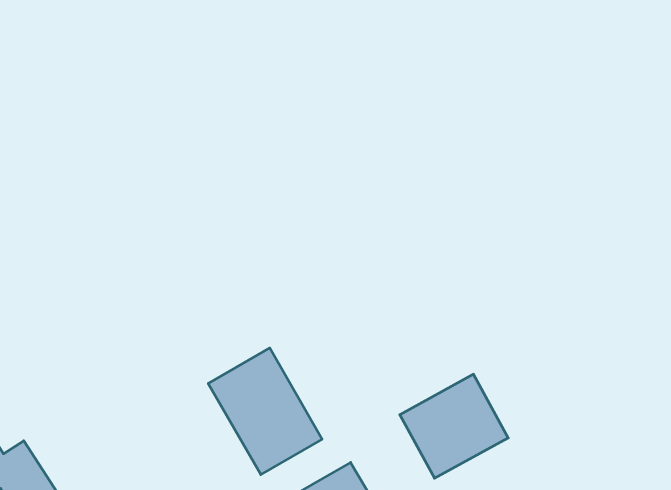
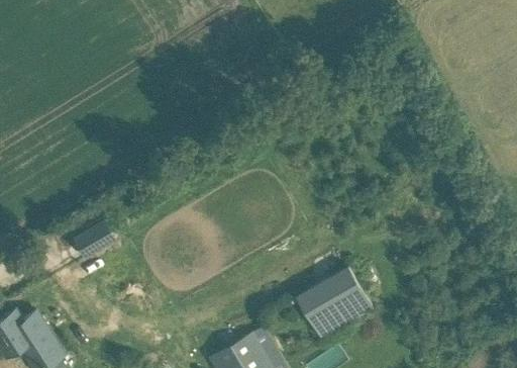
building: none -> [74,221,114,257]
building: [208,348,322,475] -> none

